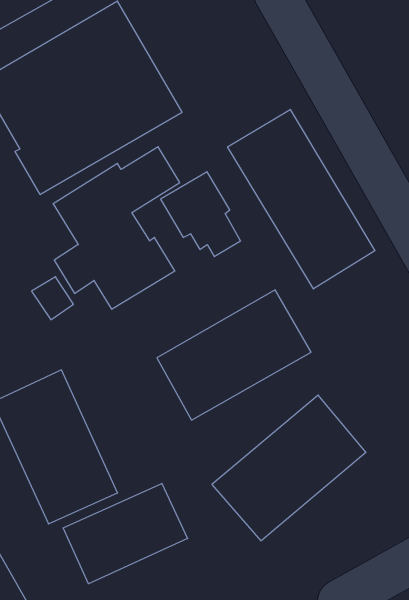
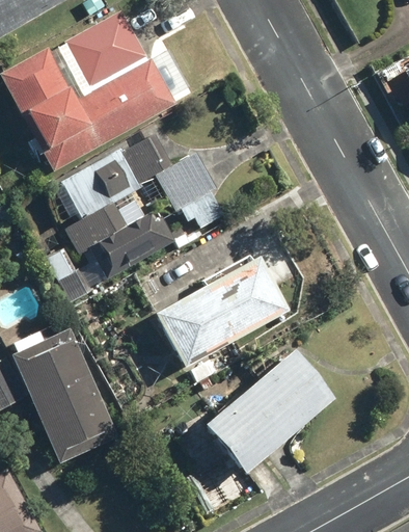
building: [228,109,375,289] -> none
building: [63,483,188,584] -> none

